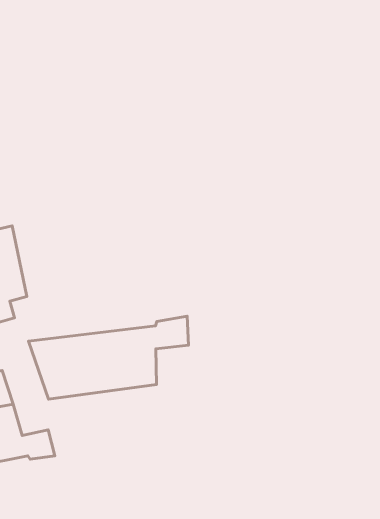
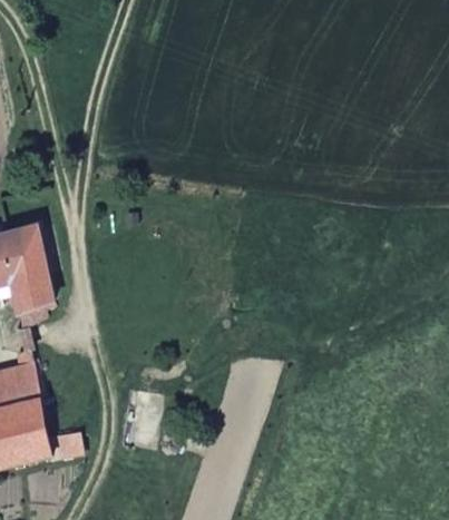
building: [28,316,189,399] -> none

